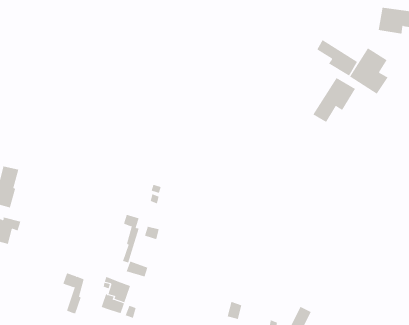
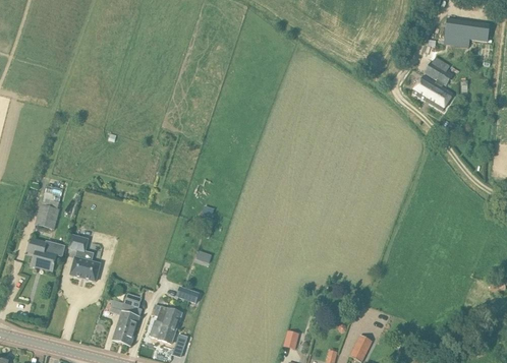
building: [316,39,358,77] -> none
building: [312,77,356,123] -> none
building: none -> [69,235,100,281]
building: [122,214,139,263] -> [123,293,142,345]

